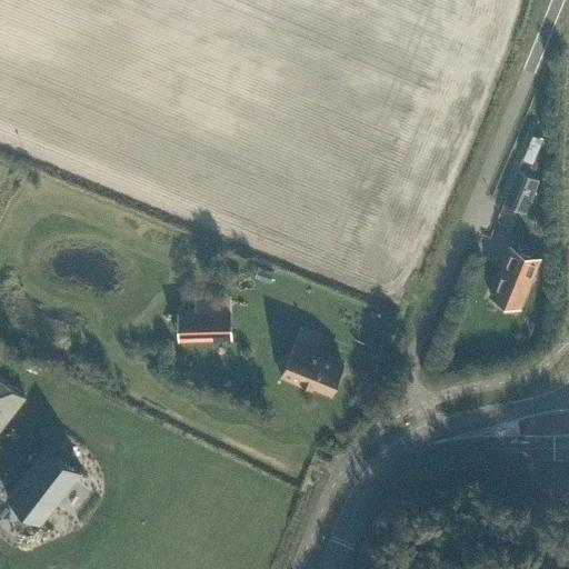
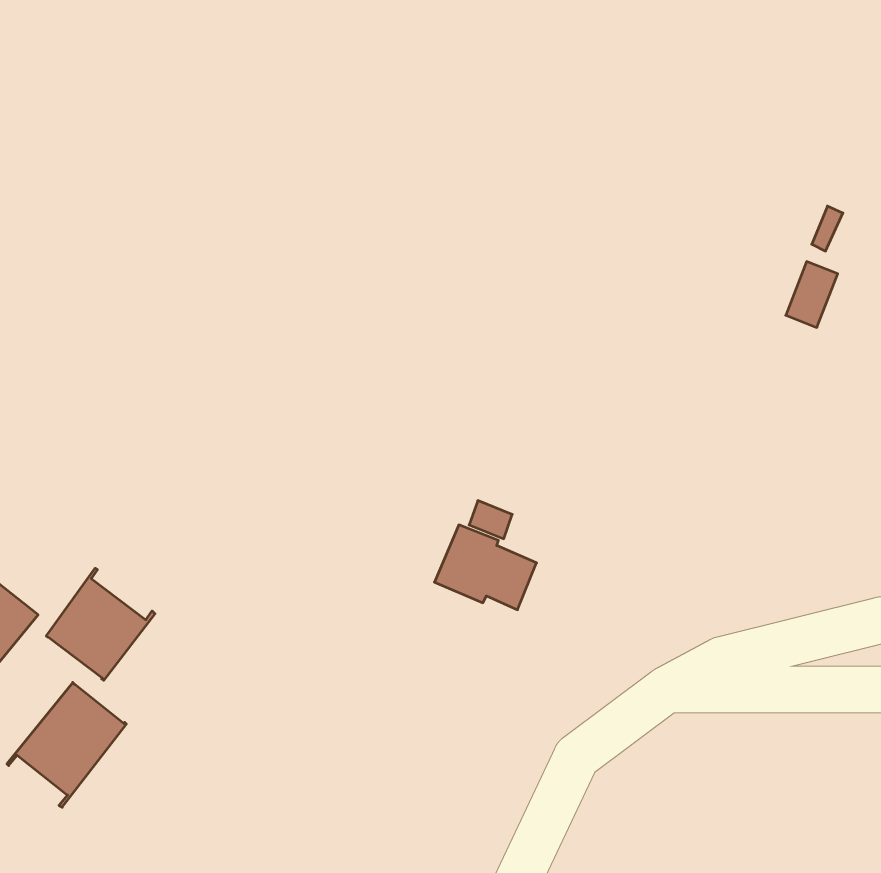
building: [490,252,538,315] -> none
building: [177,302,231,349] -> none
building: none -> [46,568,155,680]

